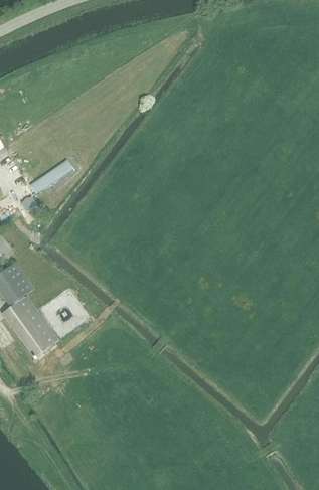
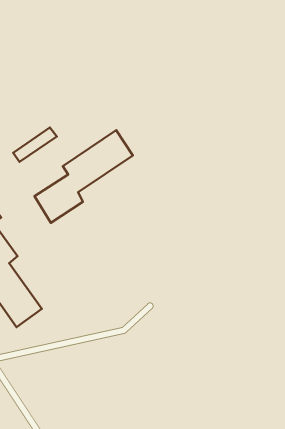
building: none -> [34,130,133,223]

